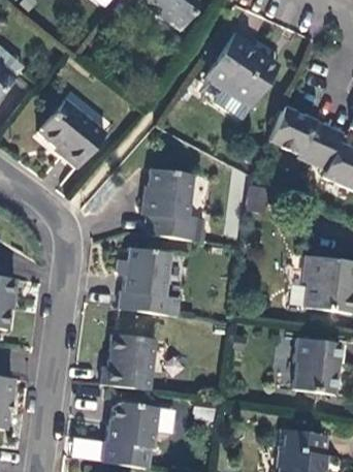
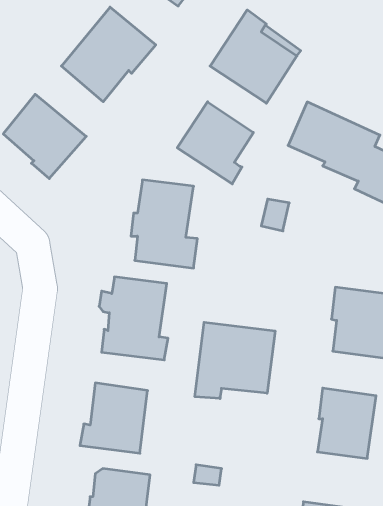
building: none -> [61,7,156,102]
building: none -> [177,102,253,184]
building: none -> [195,322,275,399]

